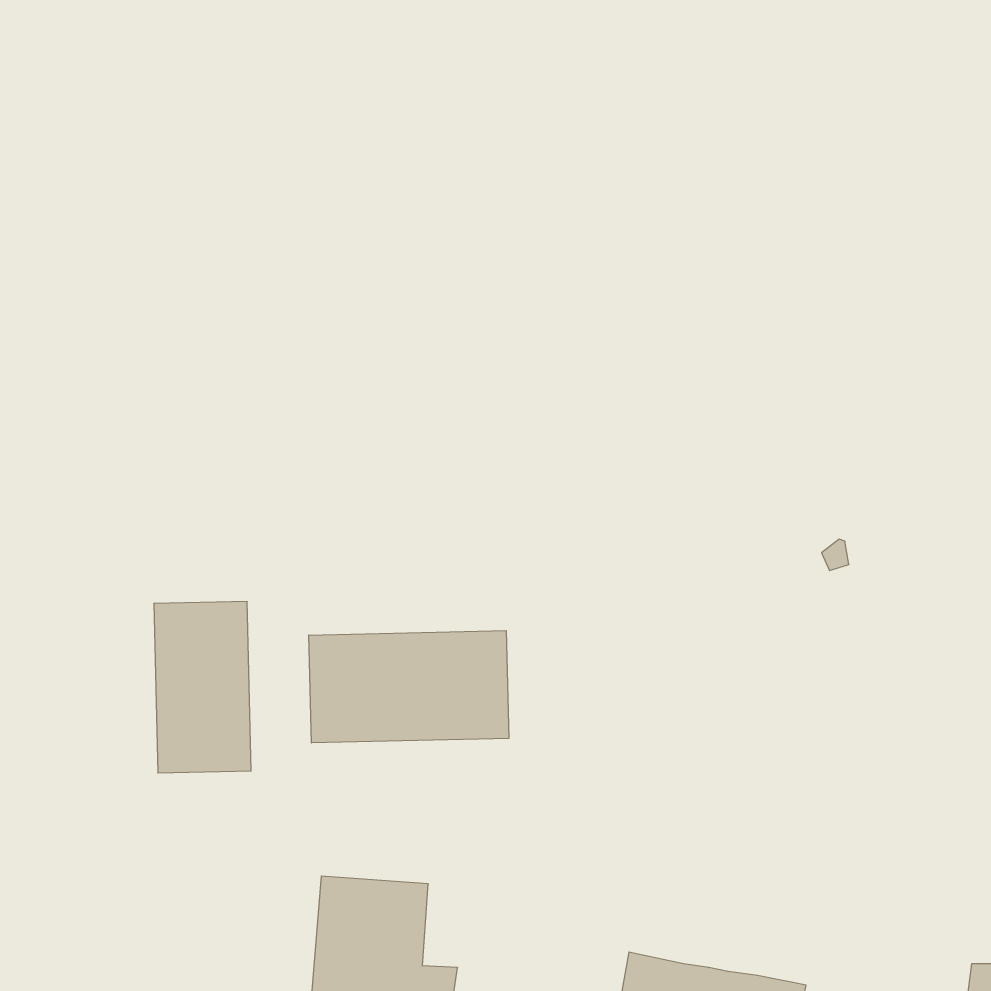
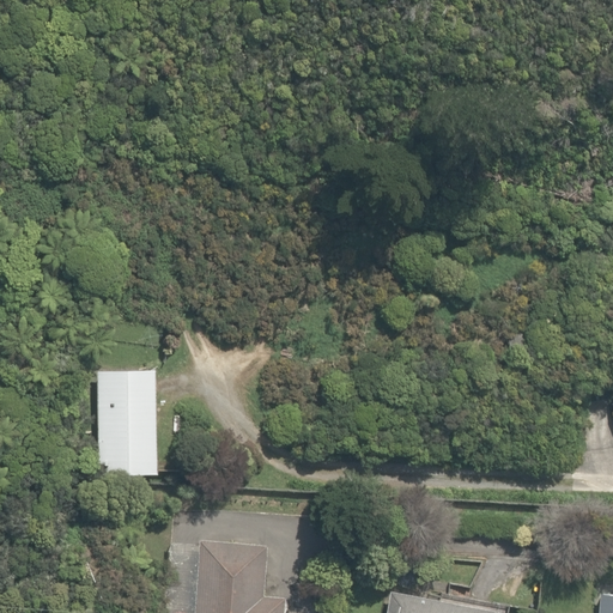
building: [309,631,509,743] -> none

